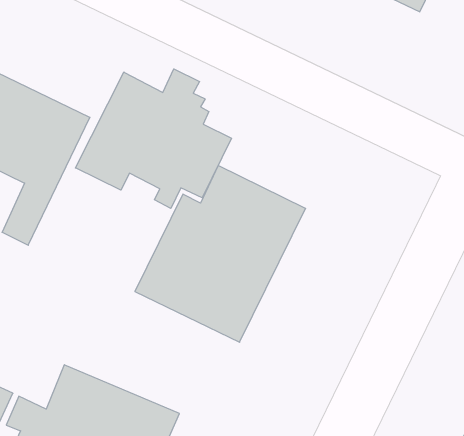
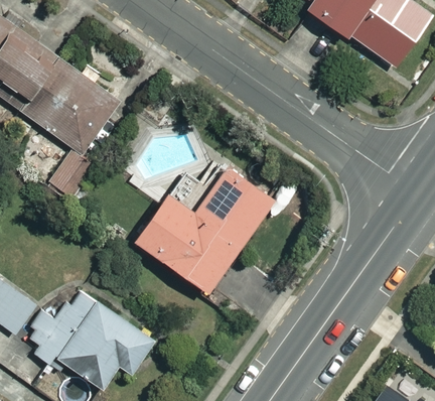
building: [75,69,231,208] -> none

